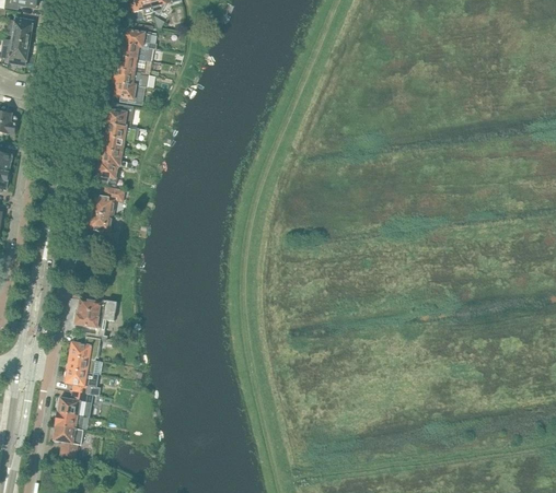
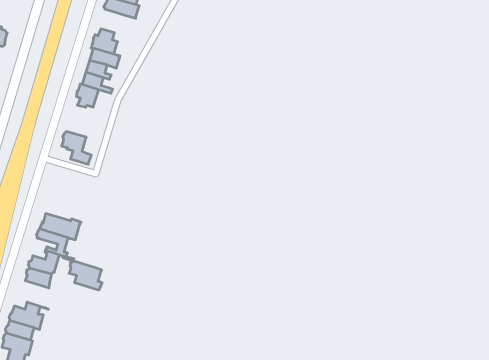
building: [114,81,147,103] -> none
building: [90,186,124,214] -> none
building: [66,368,101,395] -> [69,261,102,290]

